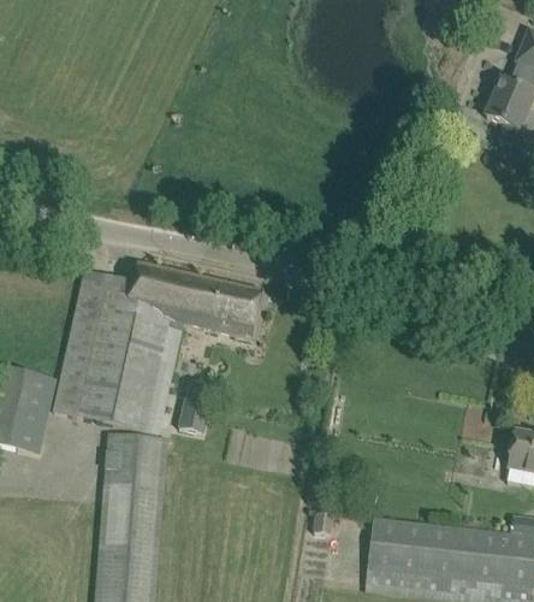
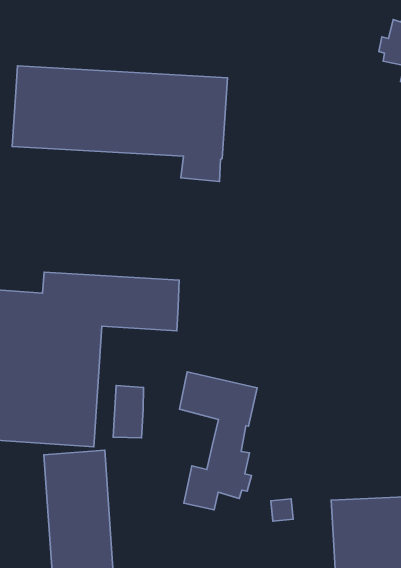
building: none -> [12,66,227,181]
building: none -> [179,372,257,510]

